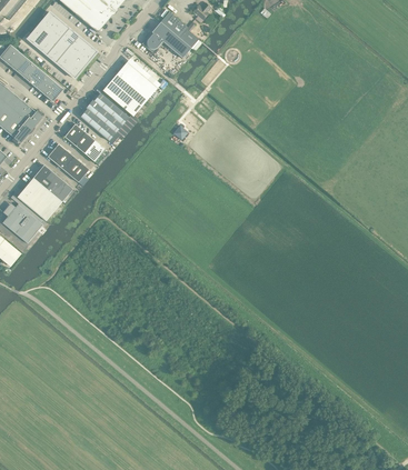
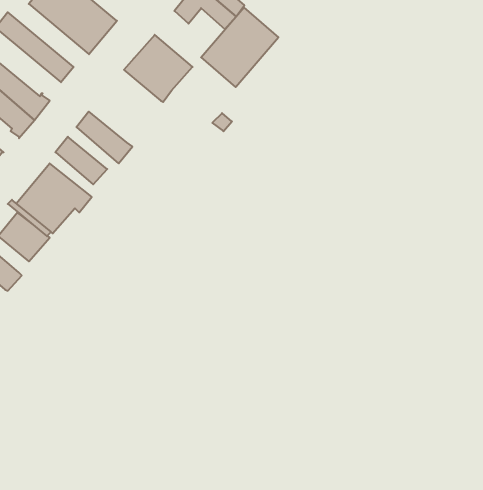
building: none -> [201,8,278,87]
building: [79,92,137,146] -> none

